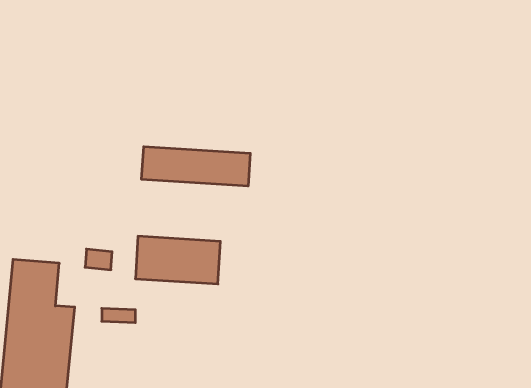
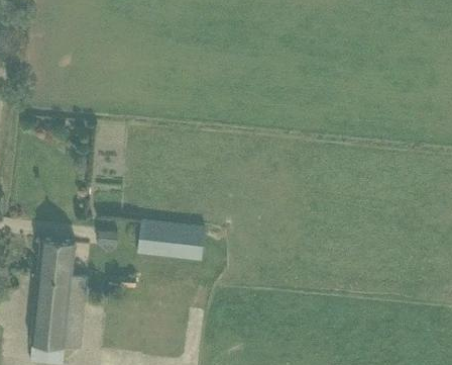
building: [142,147,250,186] -> none

